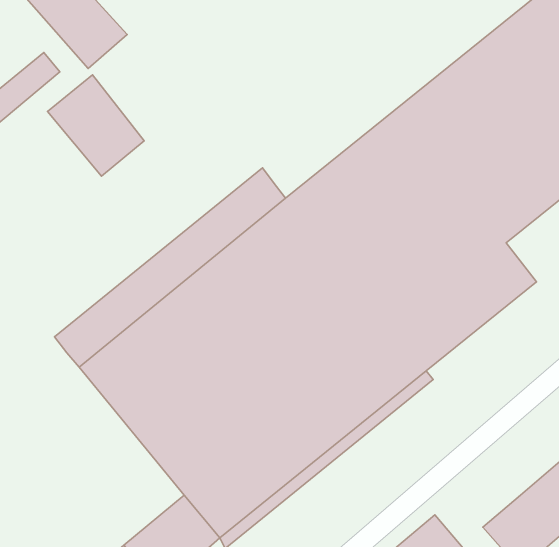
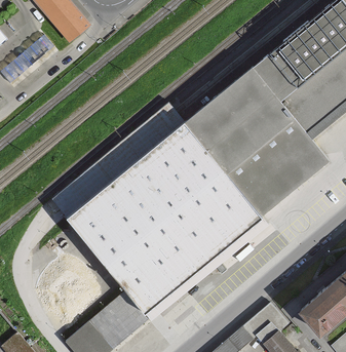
building: [48,75,144,176] -> none

